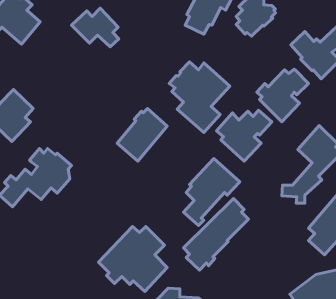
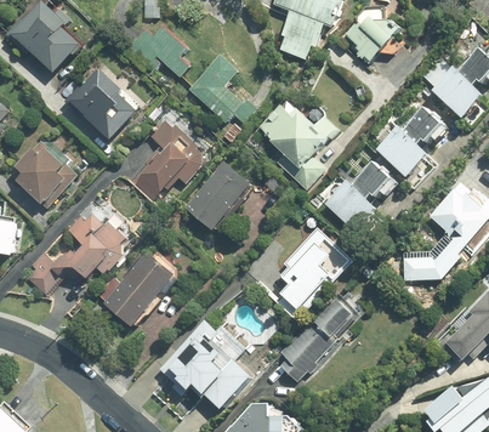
building: none -> [187,53,256,124]
building: none -> [56,68,137,140]
building: none -> [130,118,201,201]
building: none -> [96,249,178,326]

